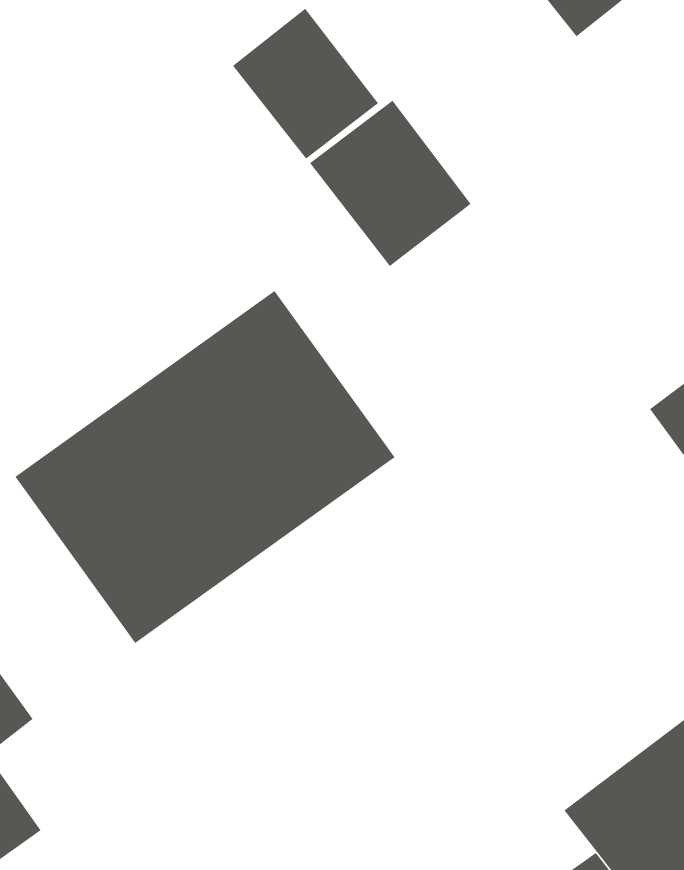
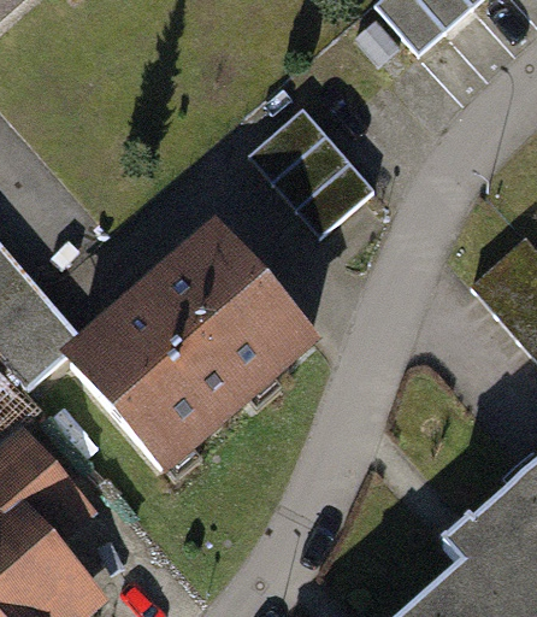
building: [232,8,379,160] -> none

